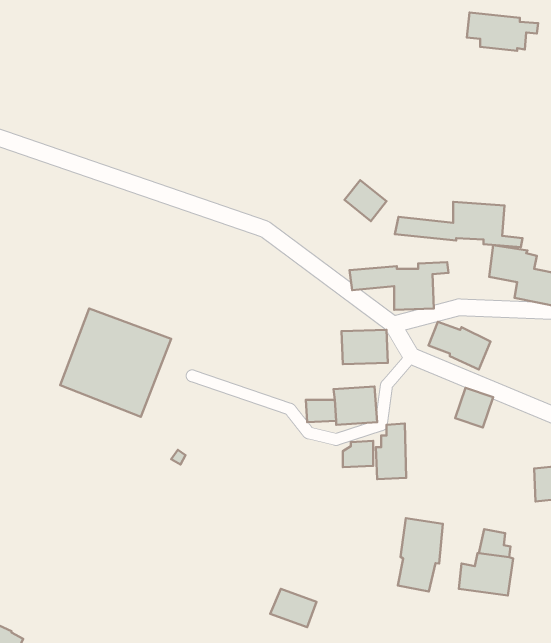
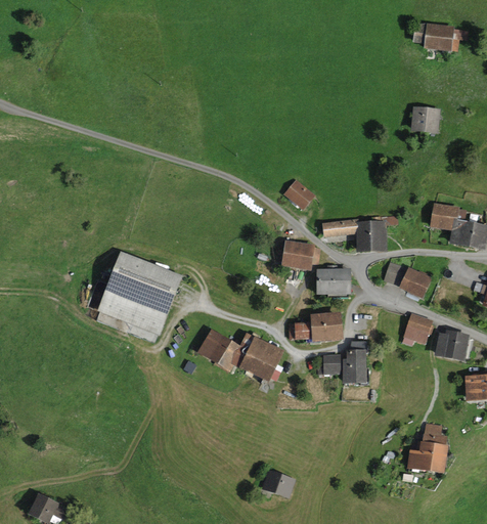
building: none -> [410,106,440,134]
building: [344,180,387,221] -> [282,179,315,211]
building: [395,202,523,247] -> none
building: none -> [280,239,320,269]
building: none -> [197,329,283,382]
building: none -> [435,330,470,361]
building: [398,518,443,591] -> none

